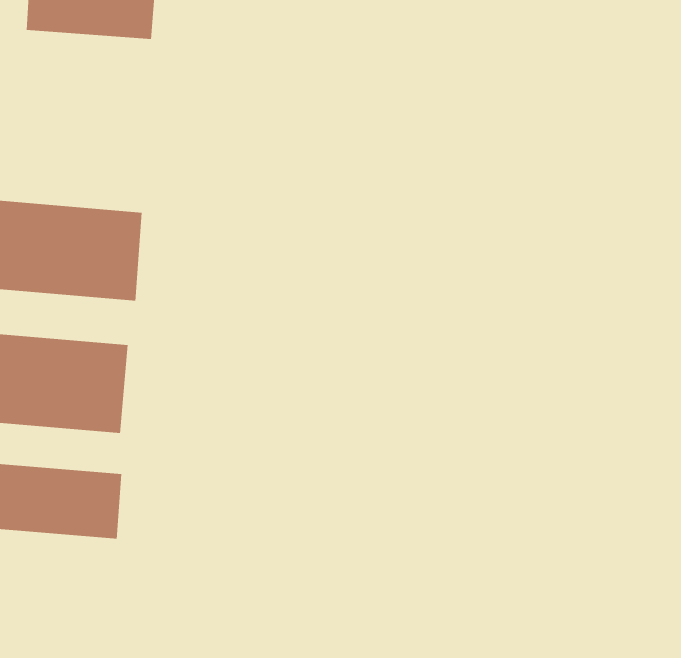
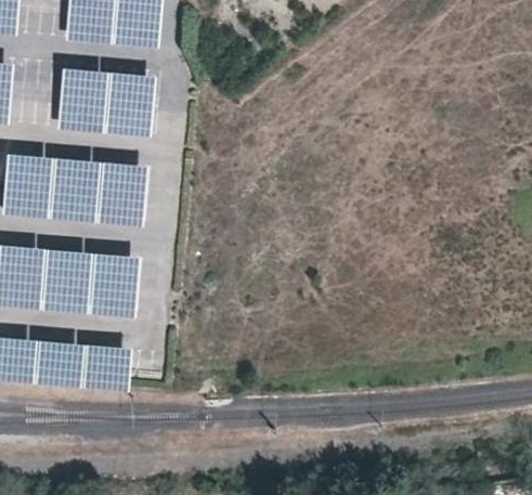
building: none -> [55,67,157,138]

